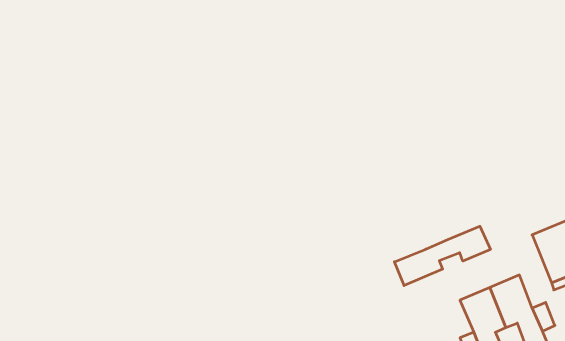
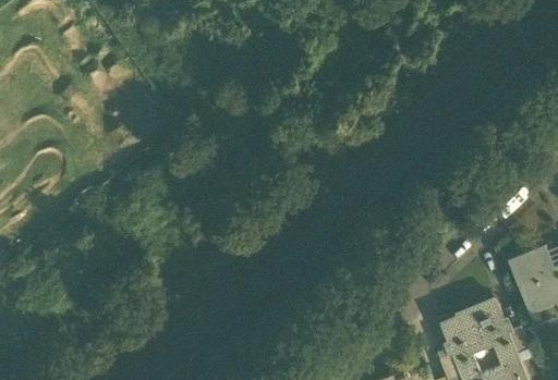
building: [394,226,490,286] -> none

